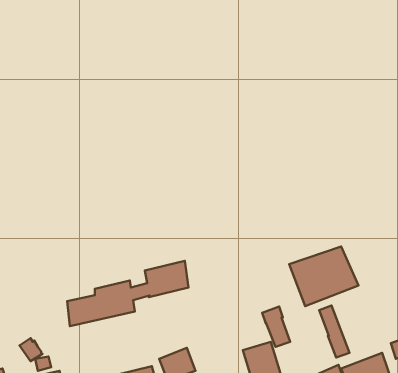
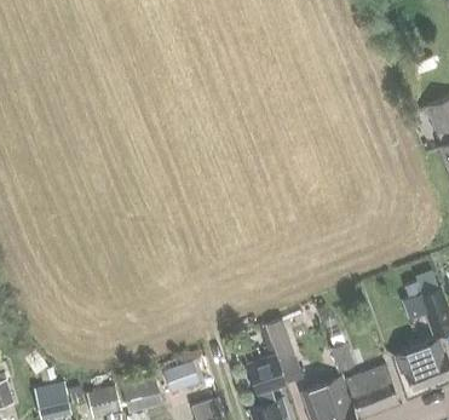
building: [289,246,359,306] -> none
building: [67,261,189,326] -> none

